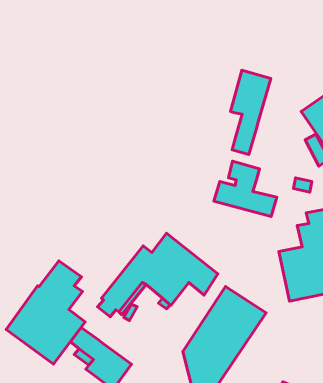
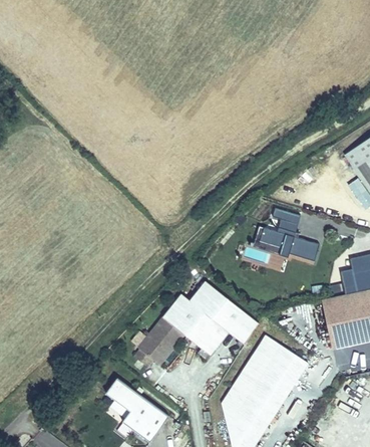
building: [231,70,271,155] -> none
building: [6,261,85,364] -> none

